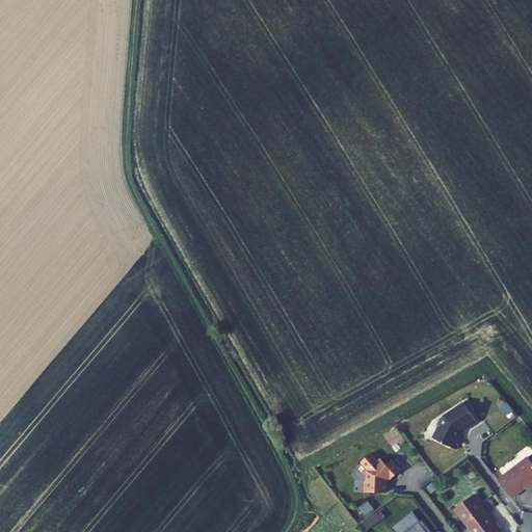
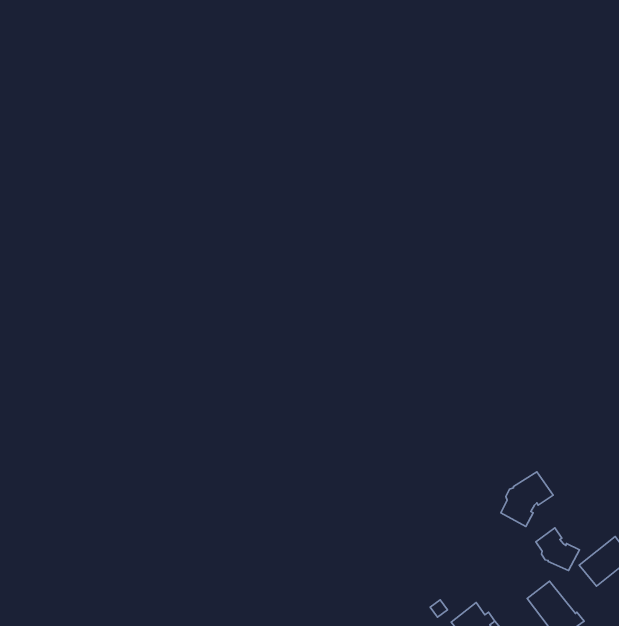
building: none -> [536,528,579,571]
building: [361,455,400,494] -> none

